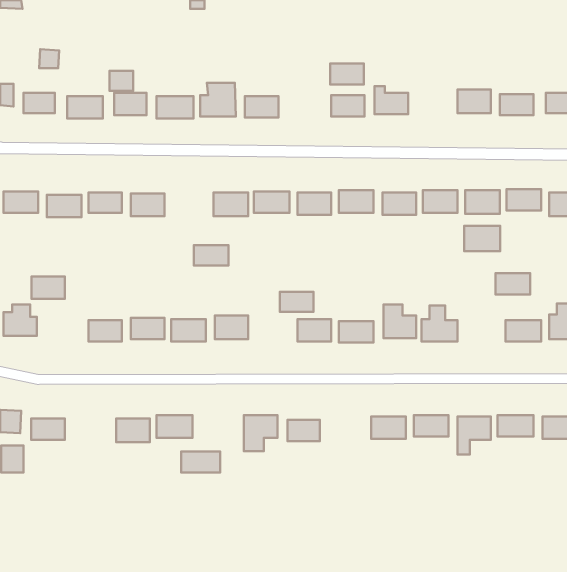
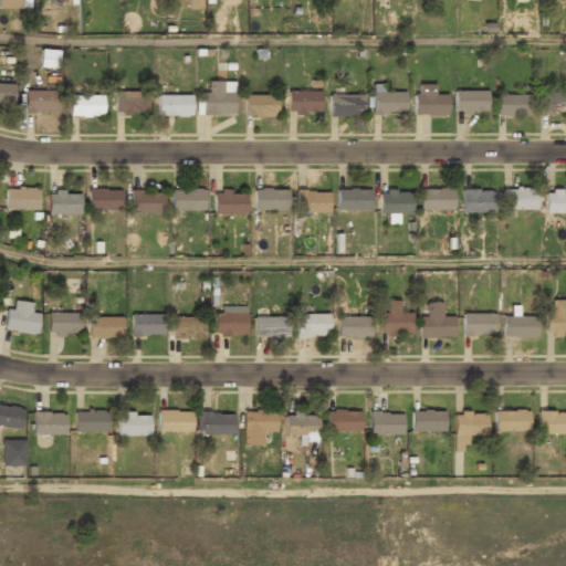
building: [330,63,364,85] -> [290,92,323,113]
building: [110,71,133,91] -> none
building: none -> [417,83,450,114]
building: [464,226,500,251] -> none
building: [194,245,229,265] -> [174,190,208,210]
building: [496,273,530,295] -> [464,314,499,335]
building: [31,276,65,299] -> [50,313,83,335]
building: [280,292,313,312] -> [256,317,290,337]
building: none -> [329,410,364,431]
building: none -> [77,411,111,432]
building: [181,451,220,473] -> [199,412,238,433]

